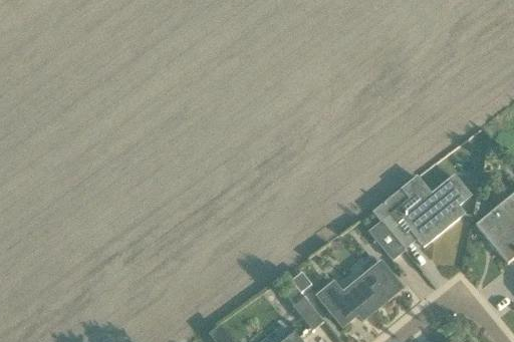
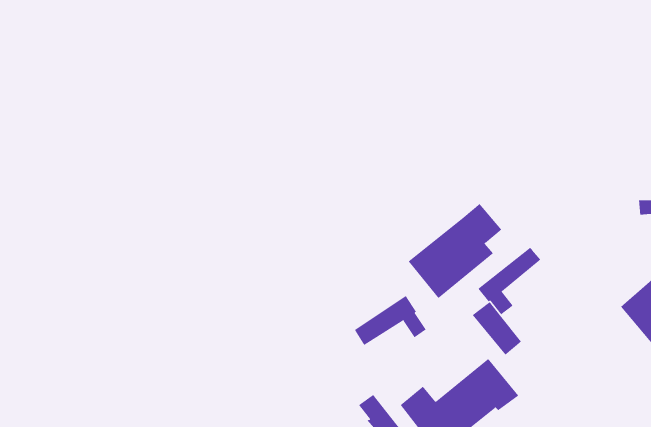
building: [402,176,470,245] -> [408,203,502,299]
building: none -> [354,295,426,346]

